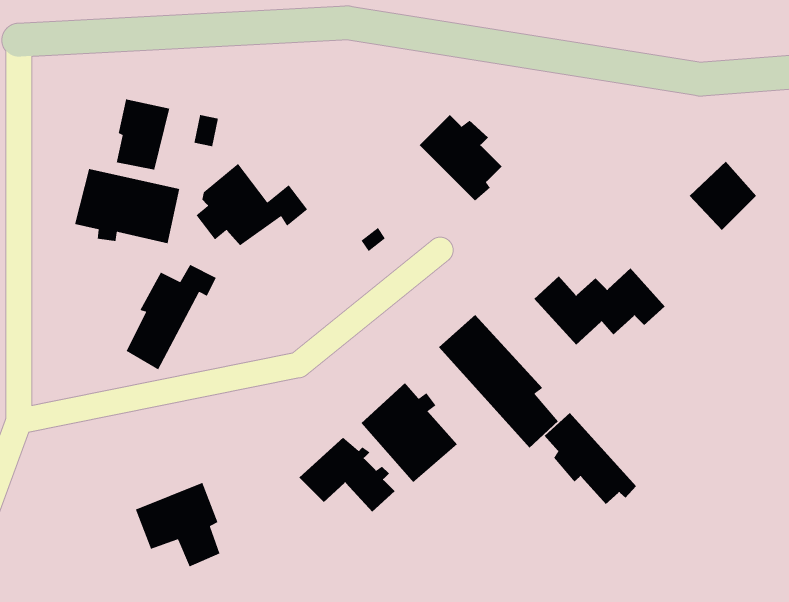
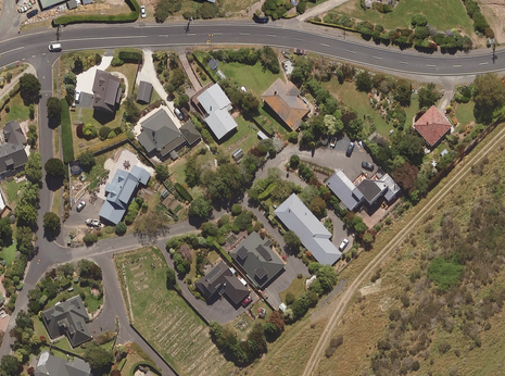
building: none -> [191,80,238,139]
building: [74,168,180,244] -> none
building: [544,412,637,505] -> none
building: [135,482,220,567] -> [42,297,90,344]

